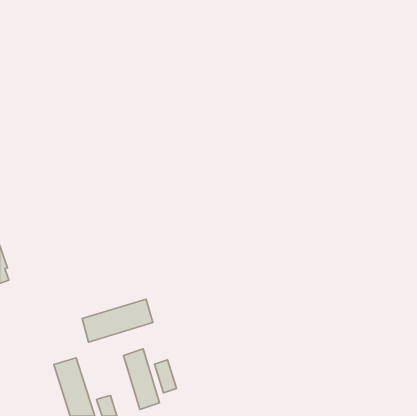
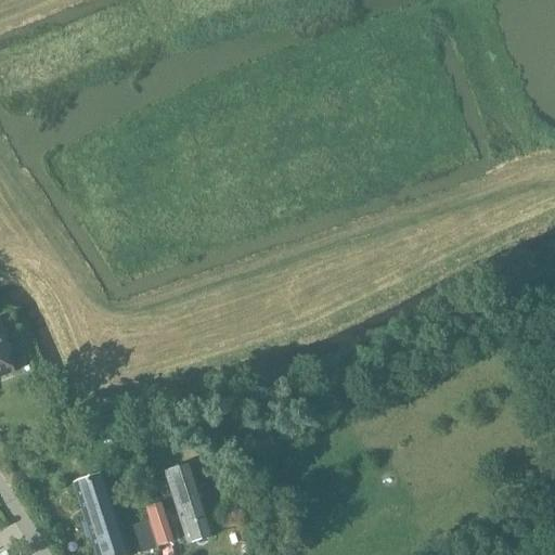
building: [82,299,153,342] -> none
building: [155,360,177,393] -> [143,502,172,545]

